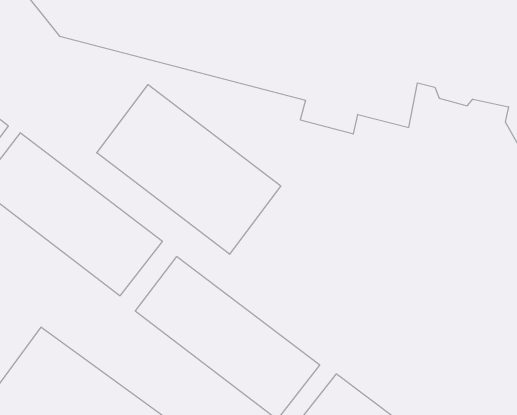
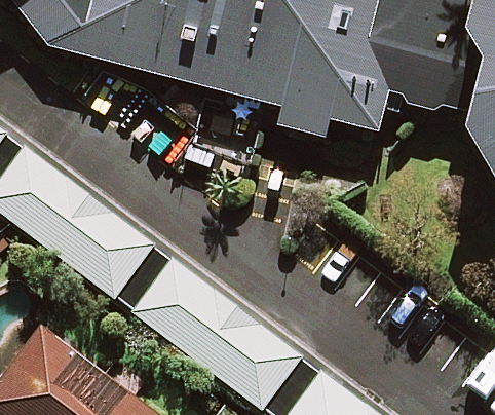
building: [97,85,281,254] -> none

